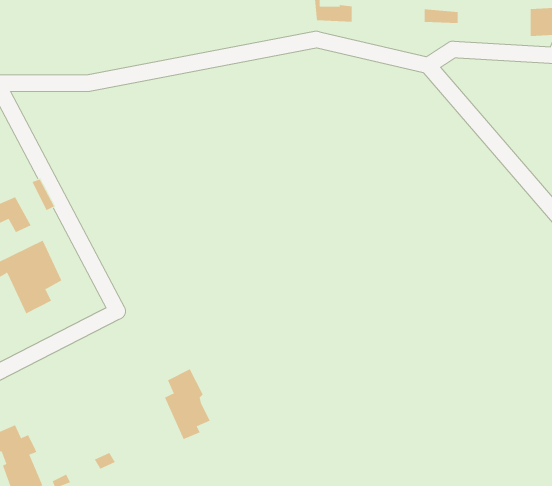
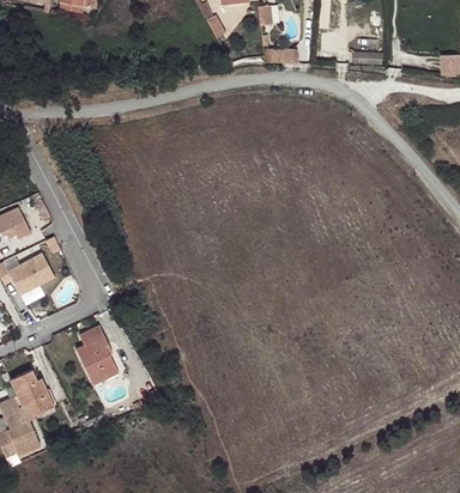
building: [164,368,211,440] -> [77,324,115,383]
building: none -> [10,370,53,415]

